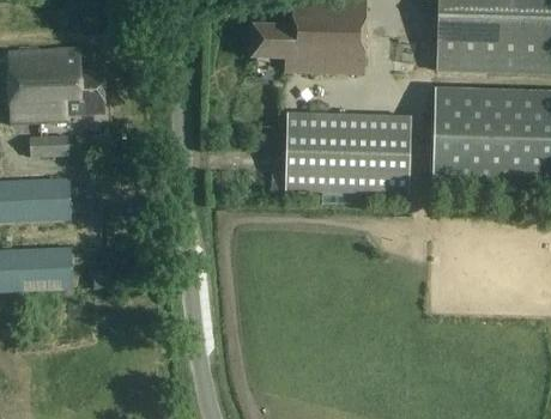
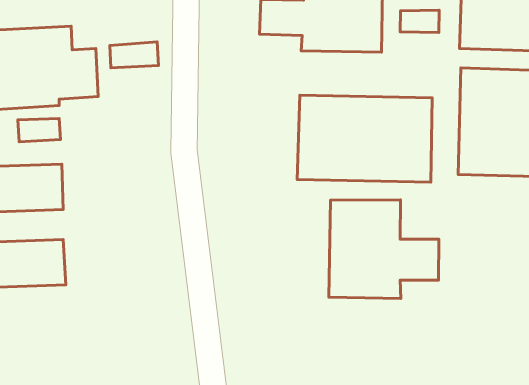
building: none -> [400,10,439,32]
building: none -> [110,42,158,68]
building: none -> [329,200,439,298]

